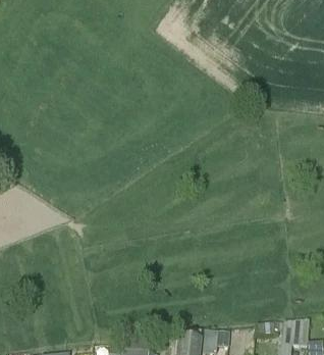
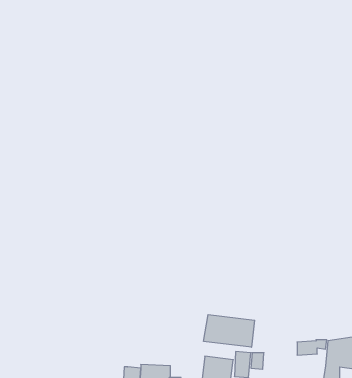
building: none -> [204,315,255,347]

